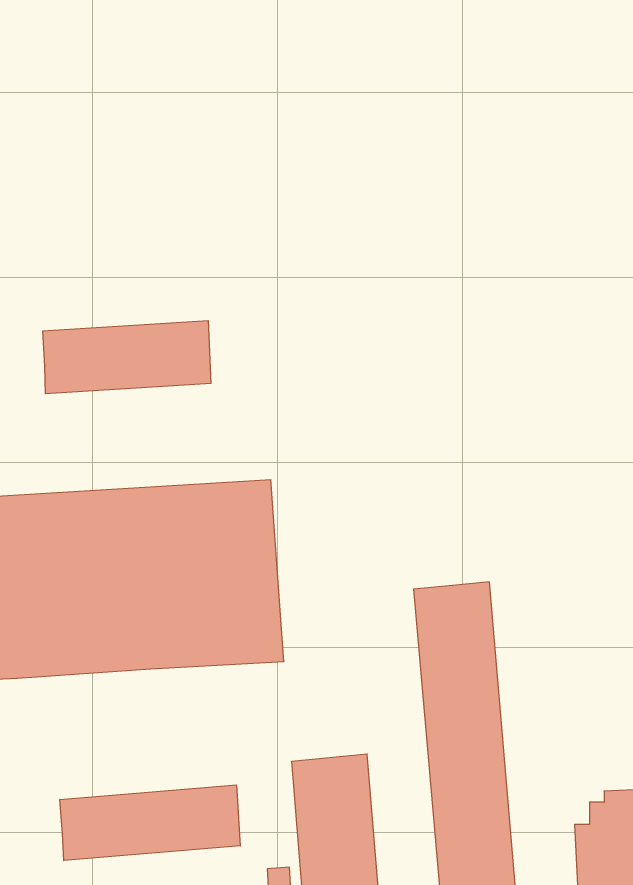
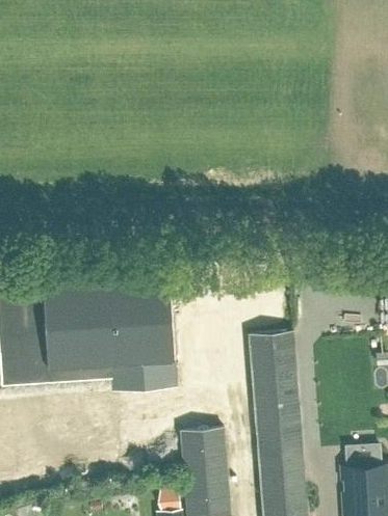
building: [43,321,211,394] -> none
building: [60,785,240,861] -> none

